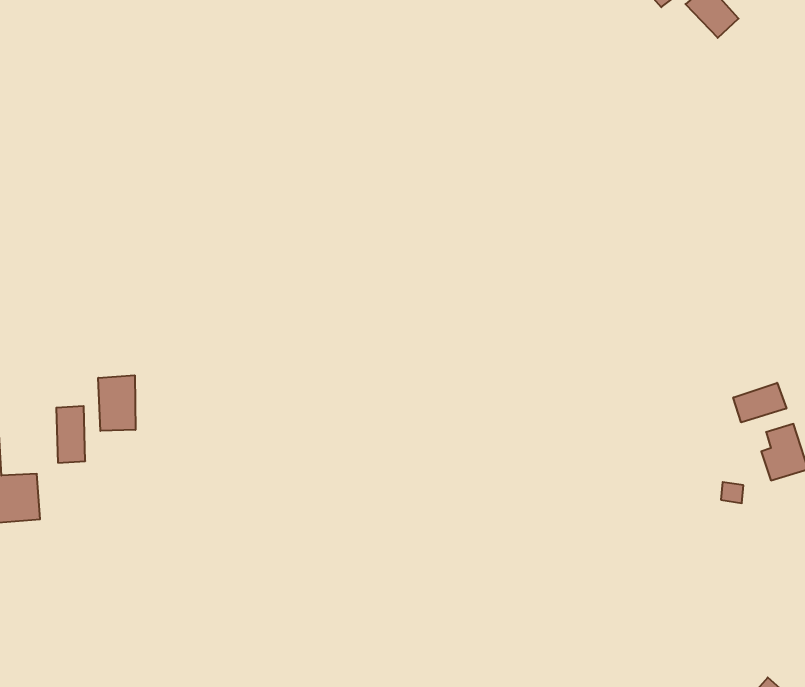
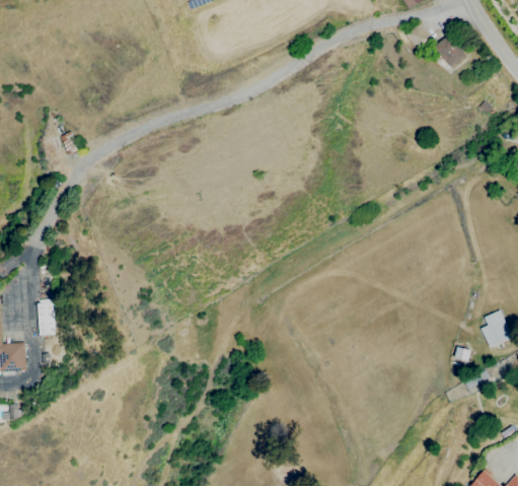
building: [98,375,135,431] -> none
building: [733,383,786,422] -> none

